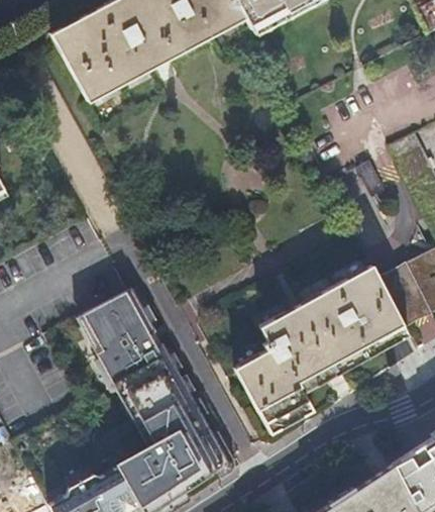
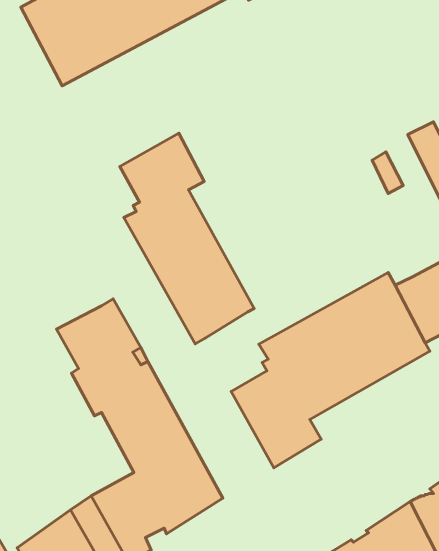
building: none -> [120,133,254,344]

